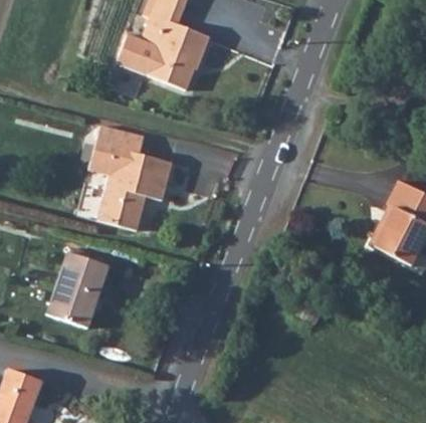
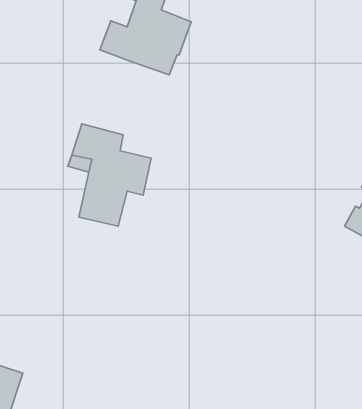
building: [42,256,105,331] -> none

